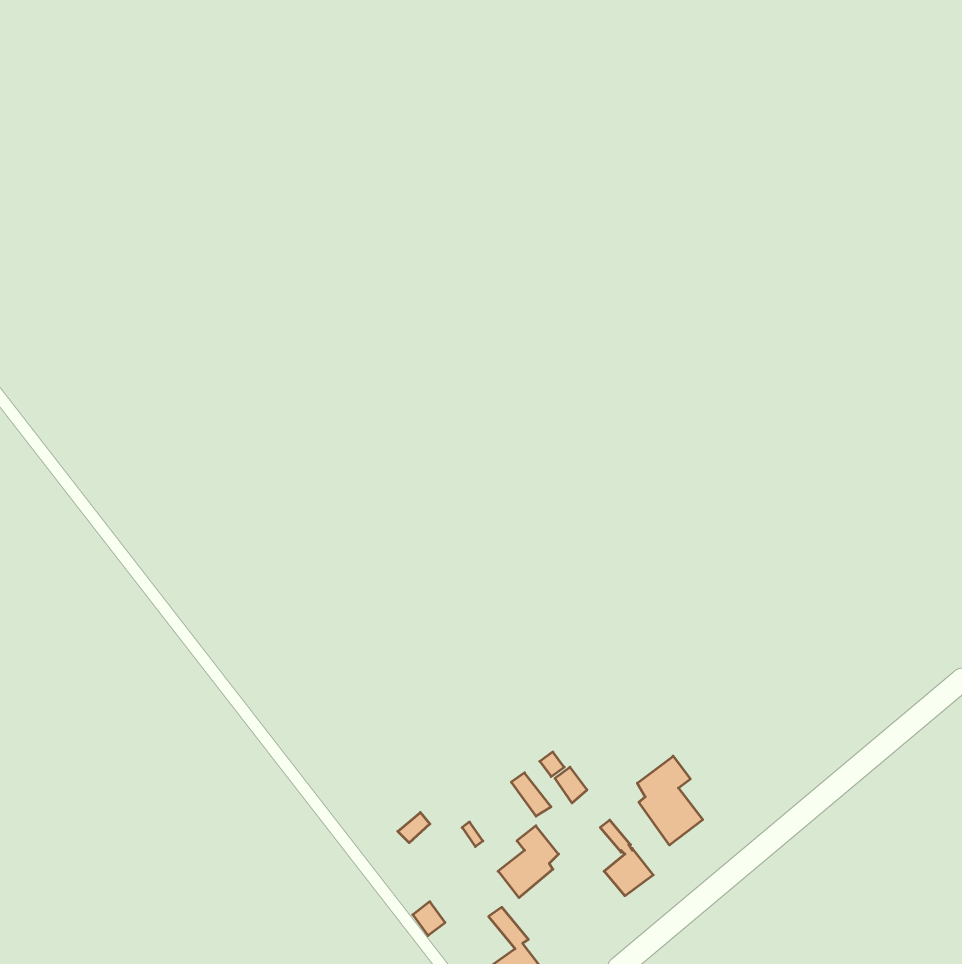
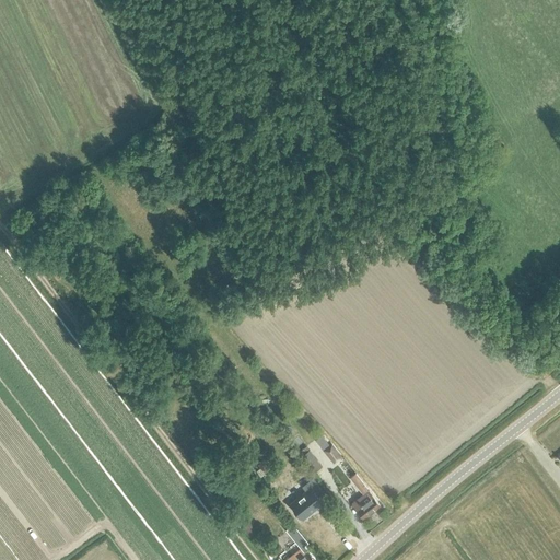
building: [637,756,703,845] -> none

